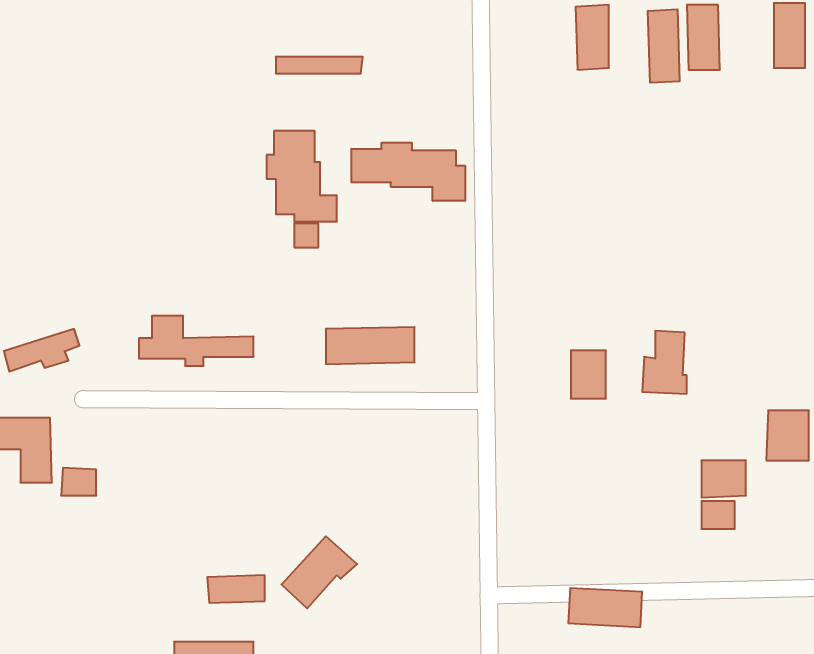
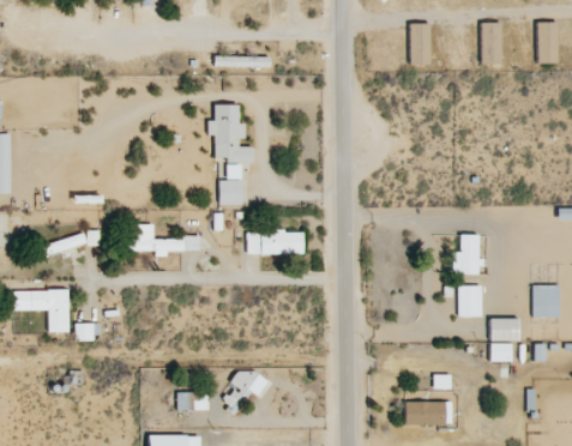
building: [648,9,680,83] -> none
building: [351,143,465,201] -> none
building: none -> [219,180,242,205]
building: [571,350,606,399] -> [459,285,482,317]

